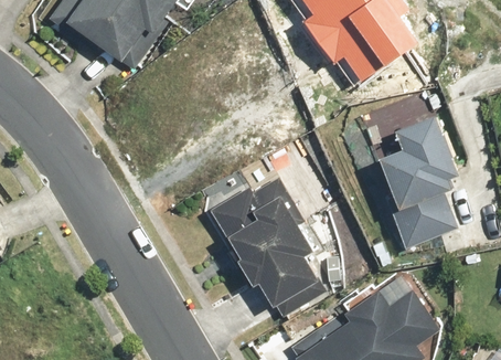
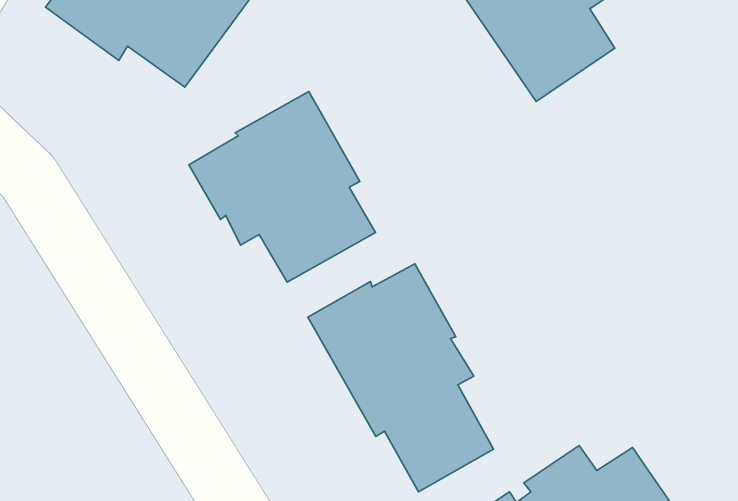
building: none -> [189,91,375,282]
building: [380,115,460,250] -> none

